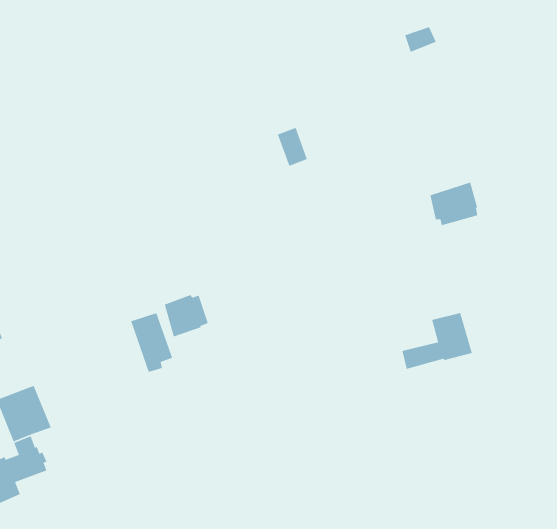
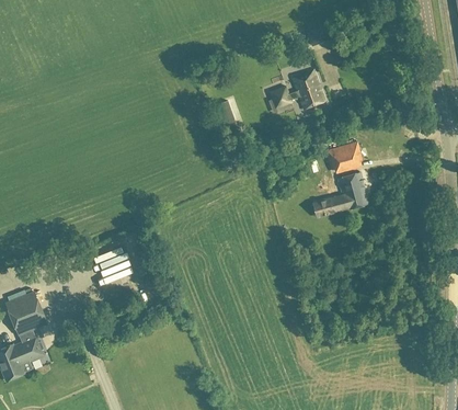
building: none -> [271,69,325,110]
building: [164,294,209,337] -> none
building: [402,312,473,370] -> [317,173,369,216]

